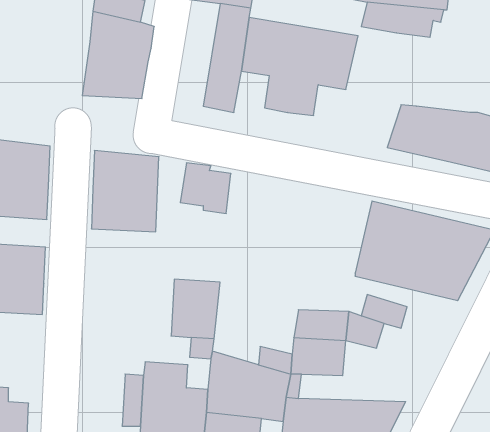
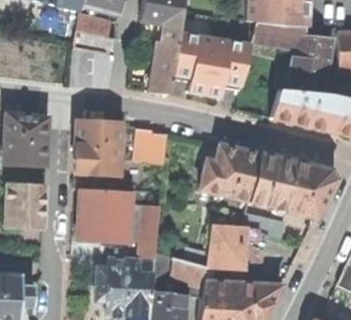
building: none -> [288,35,332,95]
building: none -> [200,144,259,201]
building: none -> [77,189,130,242]

